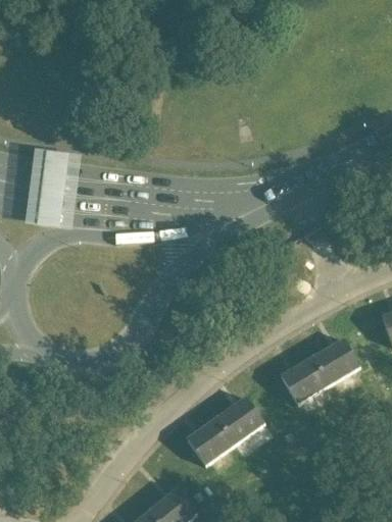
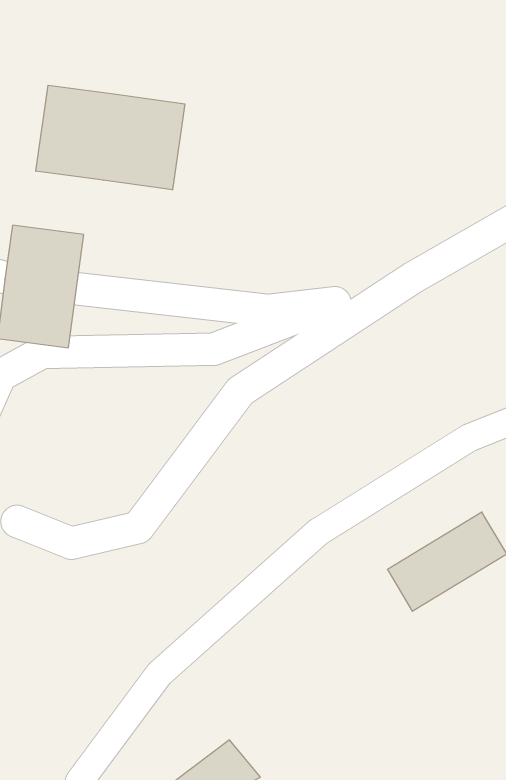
building: none -> [36,85,185,190]
building: [186,397,264,465] -> none

